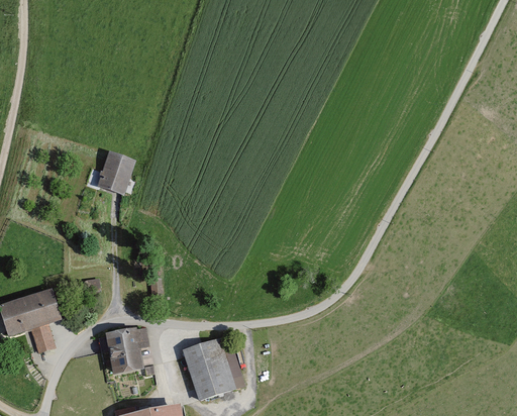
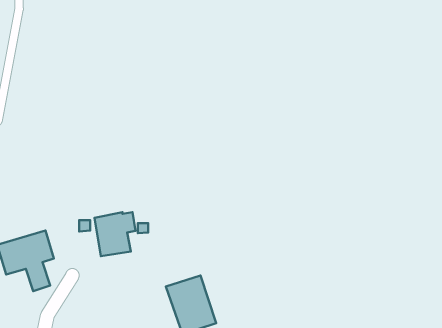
building: [98,150,137,195] -> none
building: [107,326,151,374] -> [94,212,135,256]

